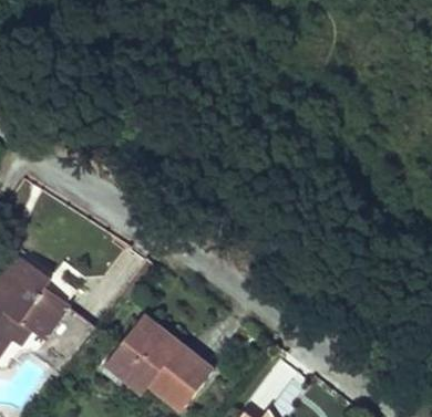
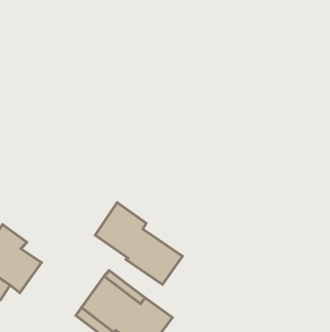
building: none -> [95,202,183,284]

